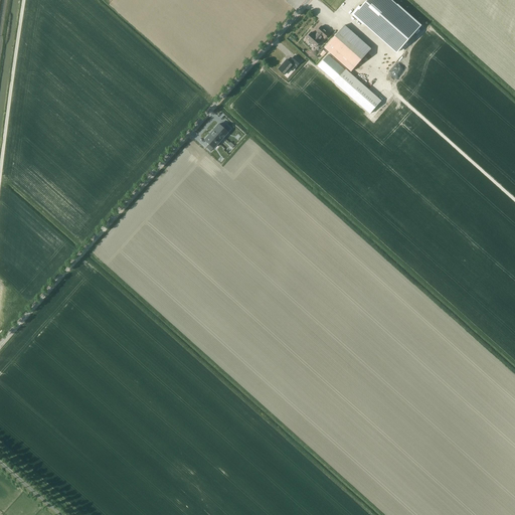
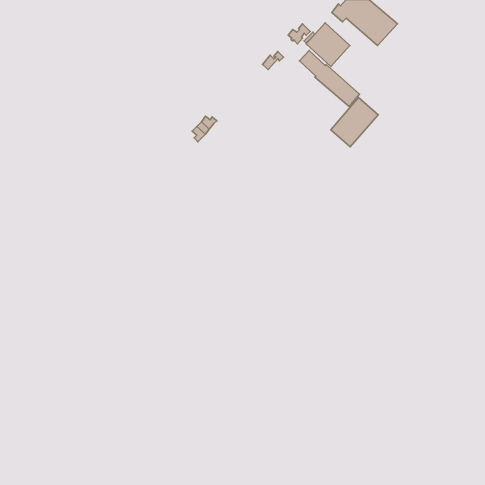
building: none -> [331,98,378,147]

